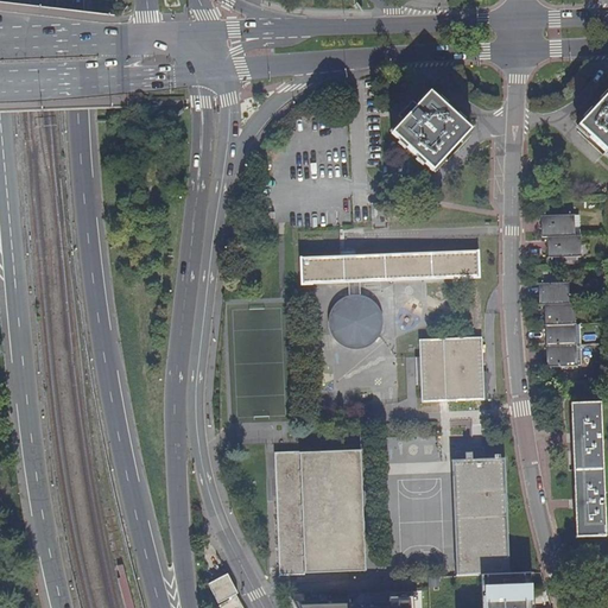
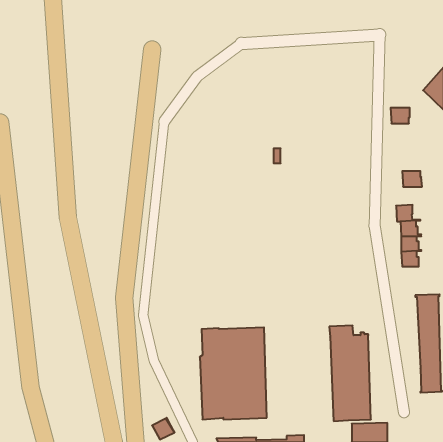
building: [393,90,471,169] -> none
building: [545,213,571,234] -> [391,108,410,123]
building: [302,248,481,348] -> none
building: [422,336,486,399] -> none

